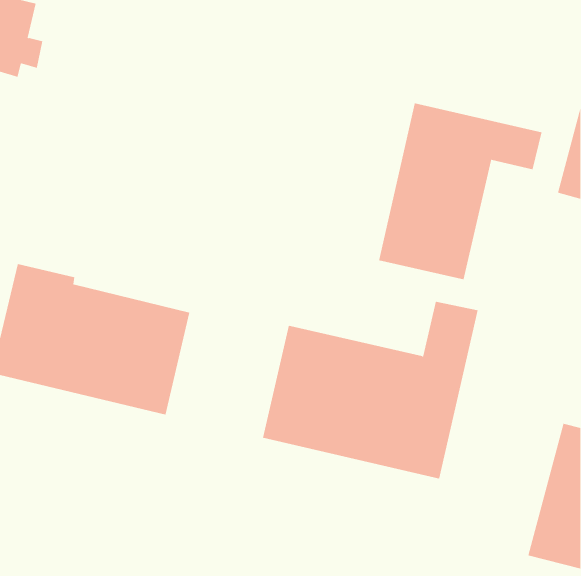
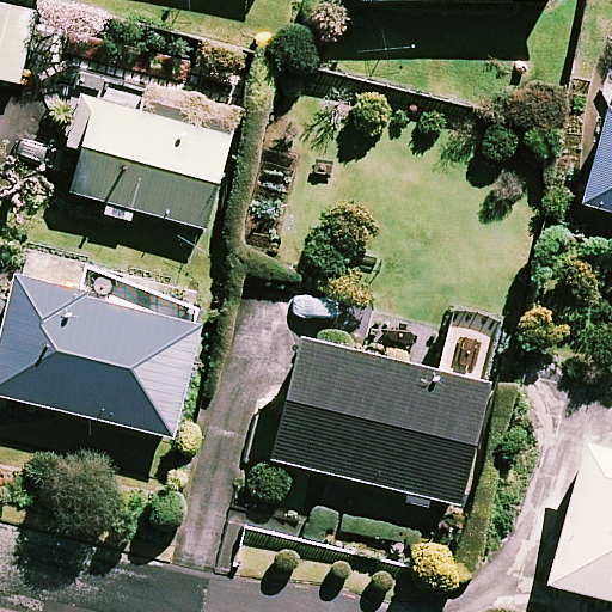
building: none -> [68,90,232,225]
building: [378,102,542,280] -> none

